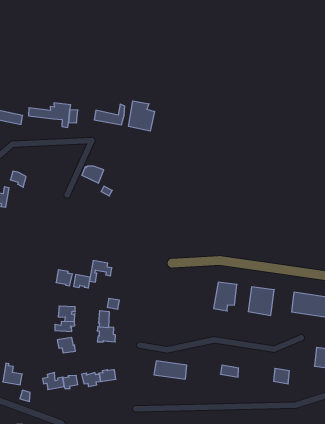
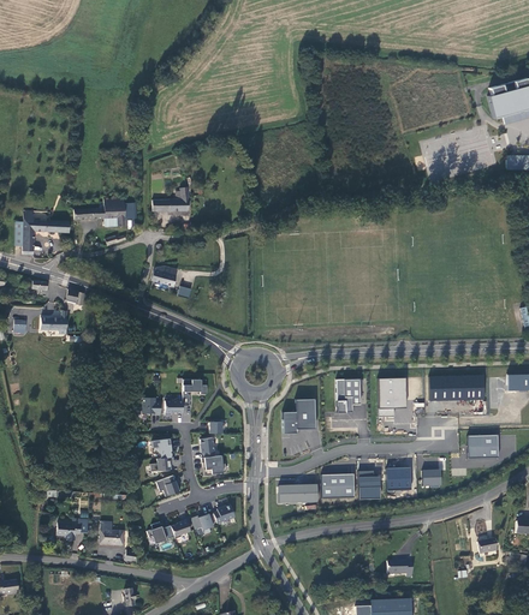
building: [128,101,155,131] -> none
building: none -> [283,399,315,434]
building: none -> [321,474,355,498]
building: none -> [386,467,411,492]

